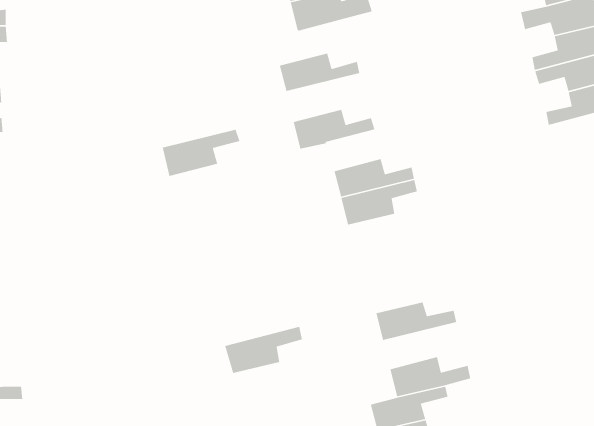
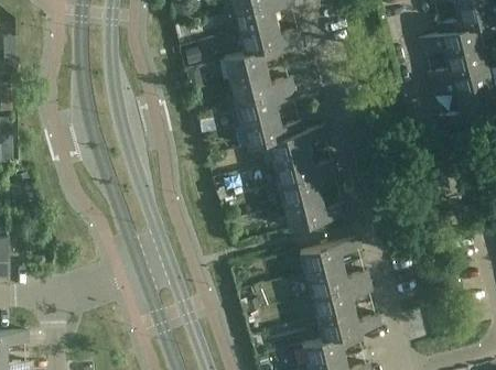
building: none -> [224,47,285,84]
building: none -> [267,129,328,166]
building: [162,129,240,177] -> [235,90,296,128]
building: none -> [283,200,347,232]
building: none -> [311,285,371,322]
building: [224,326,303,374] -> [299,240,360,278]

